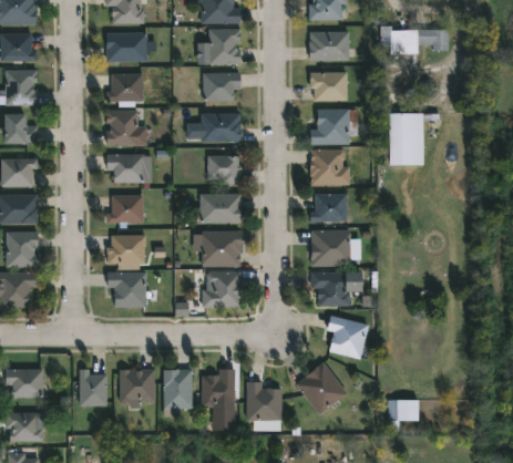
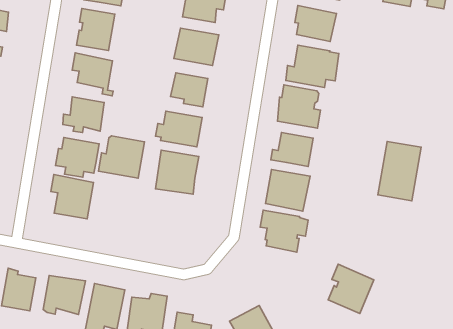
building: [390,113,423,165] -> [378,141,421,201]
building: [203,271,242,307] -> [98,136,145,178]
building: [328,313,368,357] -> [328,264,374,314]

